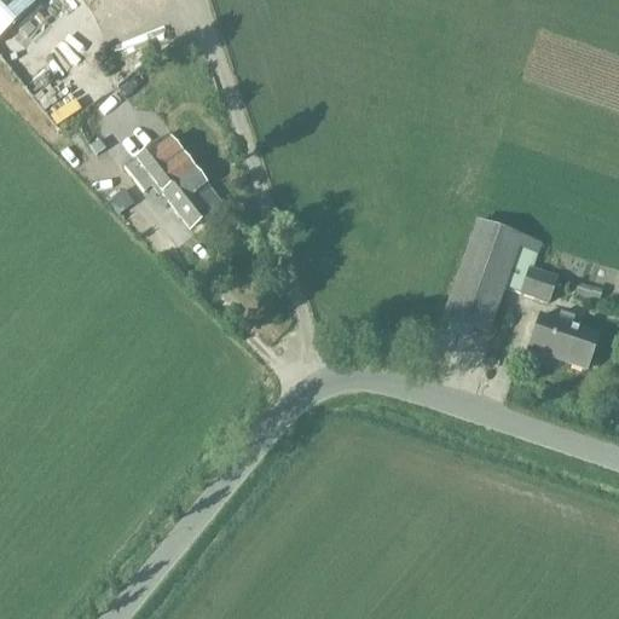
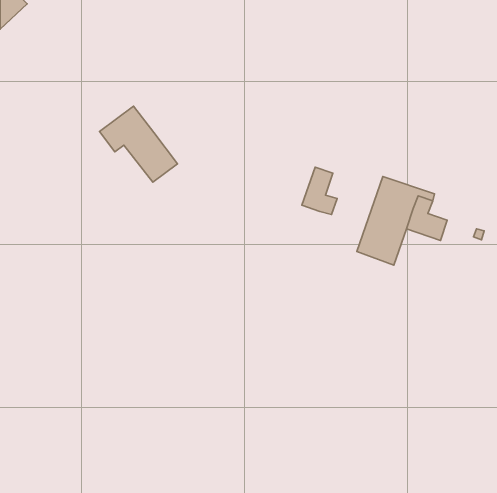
building: none -> [302,167,337,215]
building: [530,311,598,366] -> none

